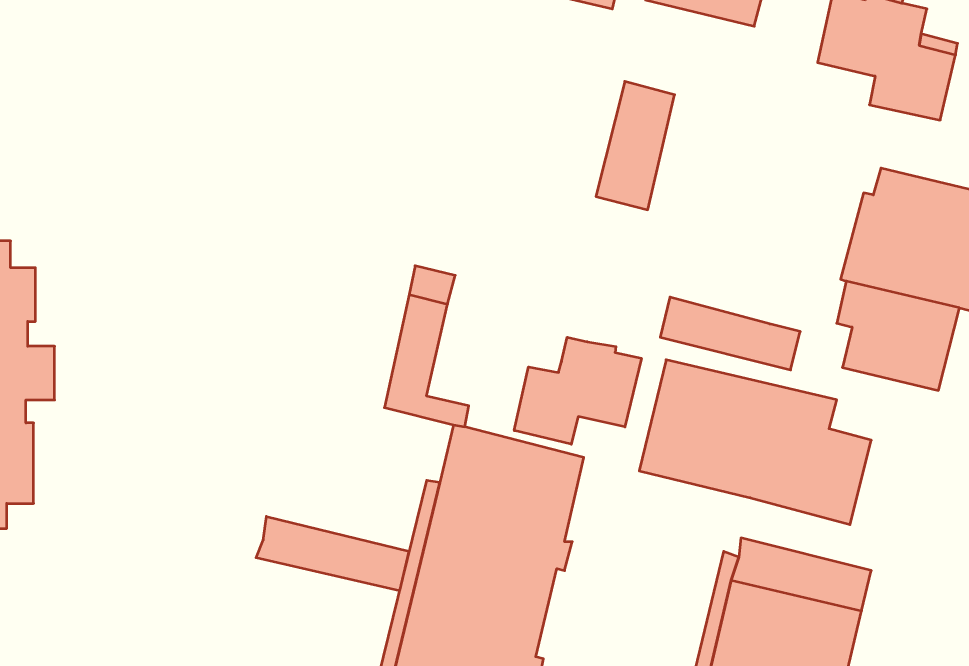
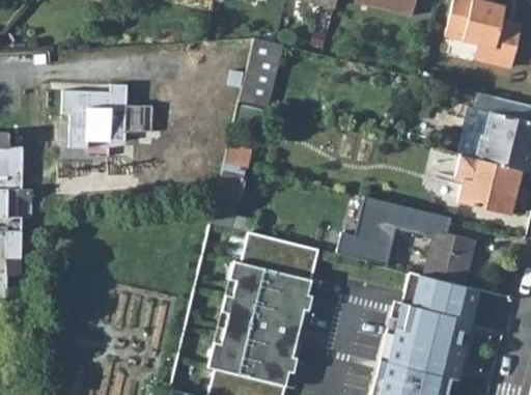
building: [596,81,675,210] -> [239,37,281,107]
building: none -> [61,83,153,146]
building: [660,297,800,370] -> [403,271,479,310]
building: [514,337,641,444] -> none
building: [256,516,409,591] -> none

